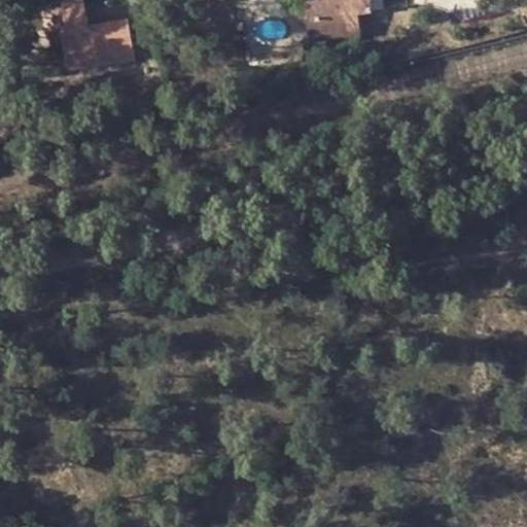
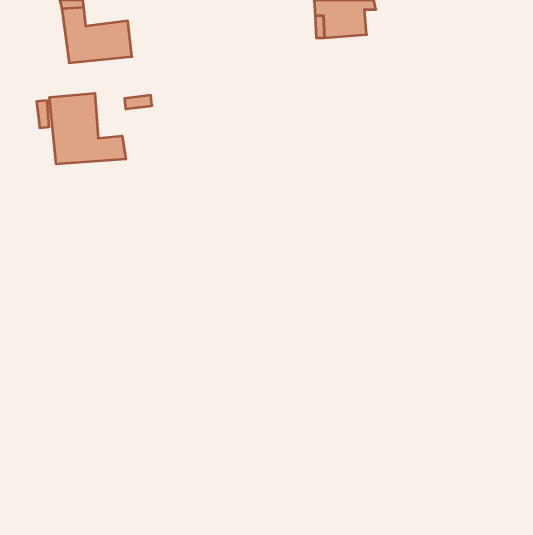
building: none -> [50,93,126,164]

